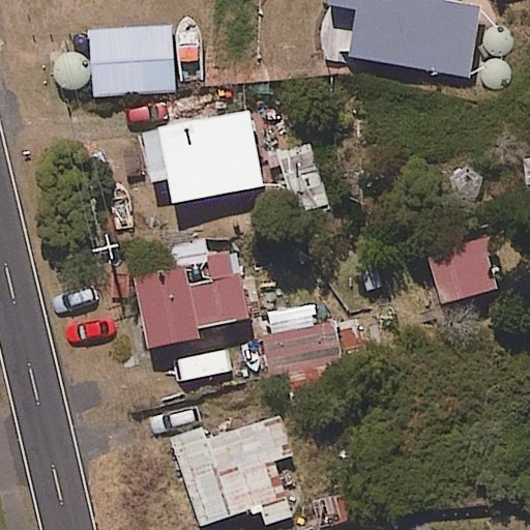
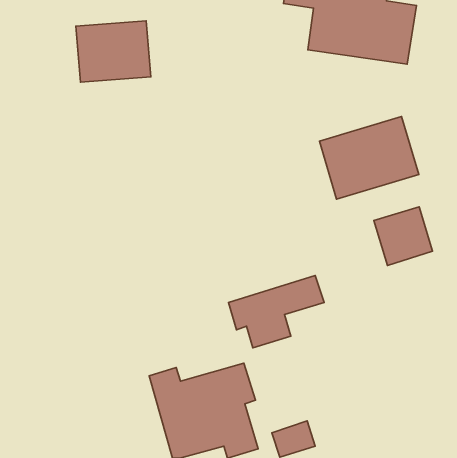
building: [143,114,256,204] -> none
building: none -> [319,116,419,199]
building: [138,237,246,348] -> none

